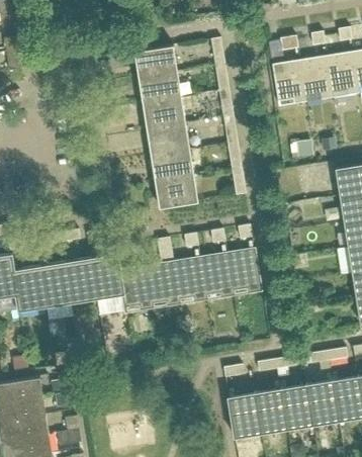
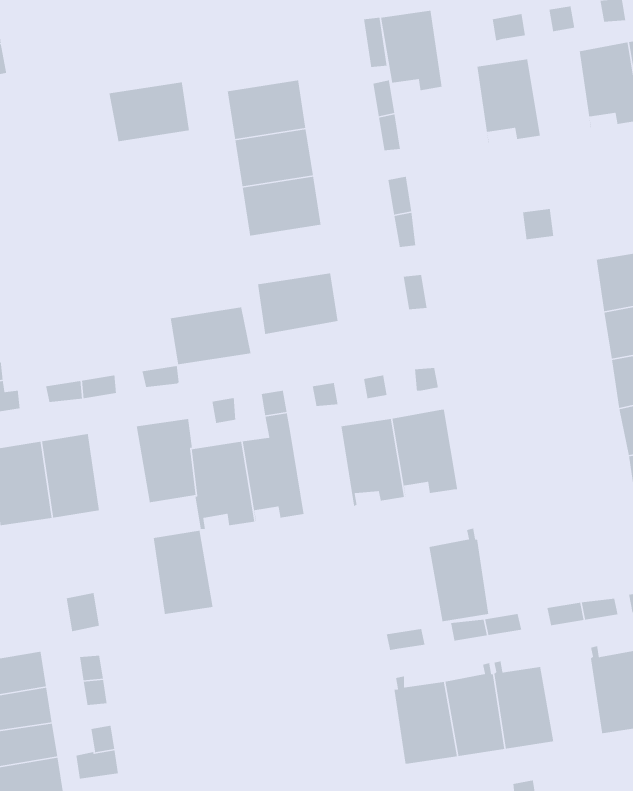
building: [133,45,177,78] -> [109,82,190,142]
building: [299,57,333,102] -> [380,10,443,95]
building: [151,150,194,181] -> [170,306,251,365]
building: [65,257,97,302] -> [153,530,214,615]
building: [173,257,206,304] -> none
building: [306,375,339,426] -> [428,527,489,622]

